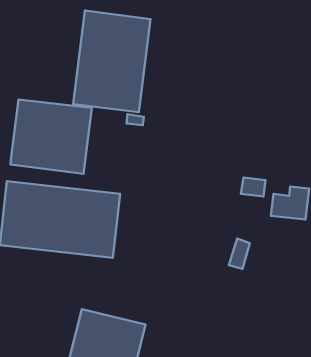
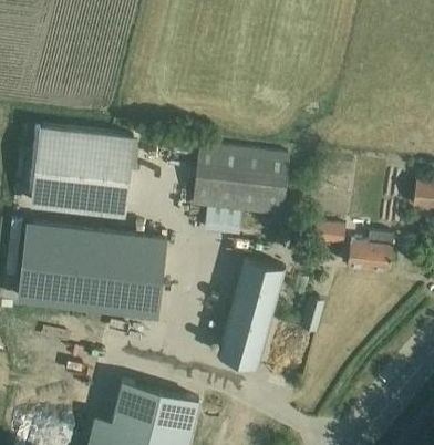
building: [73,10,150,112] -> none
building: none -> [193,145,289,235]
building: none -> [217,259,283,366]

